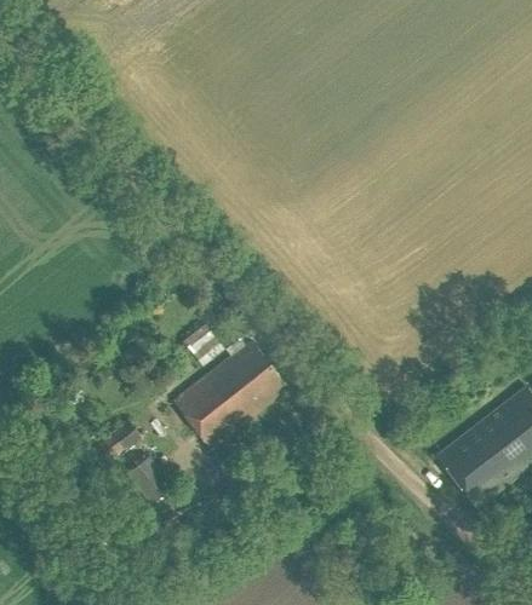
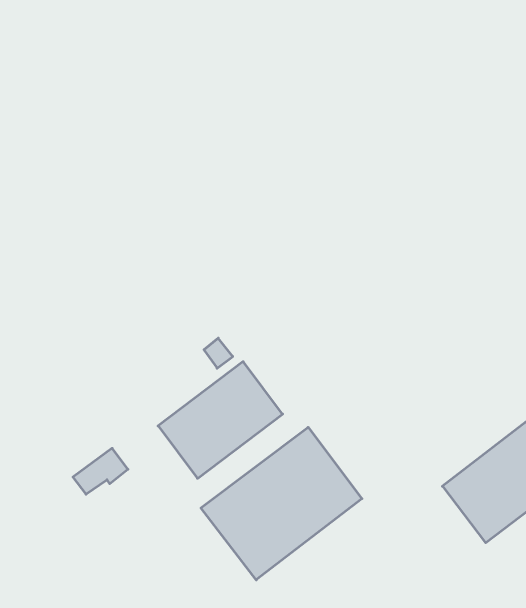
building: none -> [201,427,362,580]
building: [126,454,177,505] -> none

